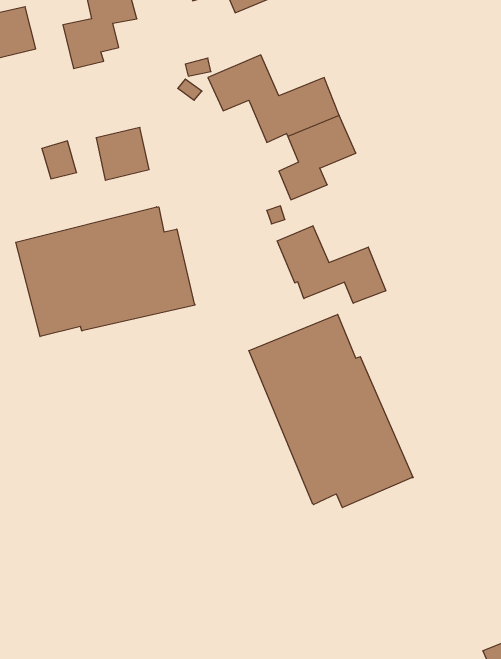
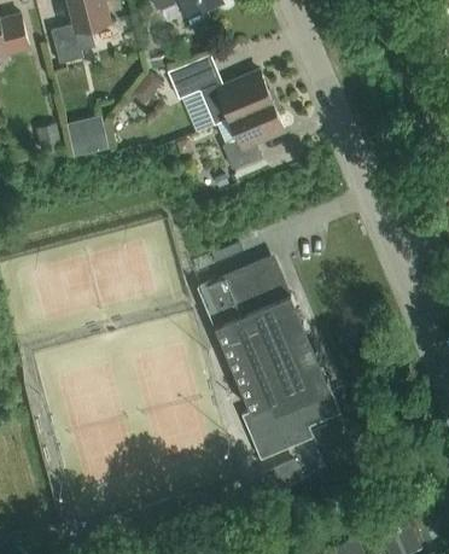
building: [16,207,195,337] -> none
building: [277,226,386,303] -> none
building: none -> [241,391,339,460]

